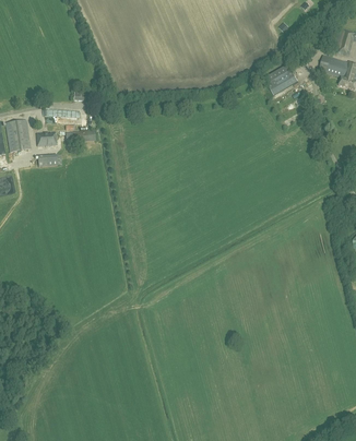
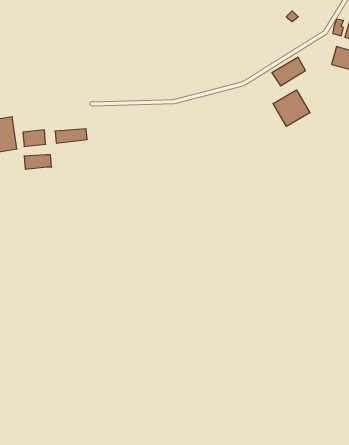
building: none -> [273,90,310,126]

